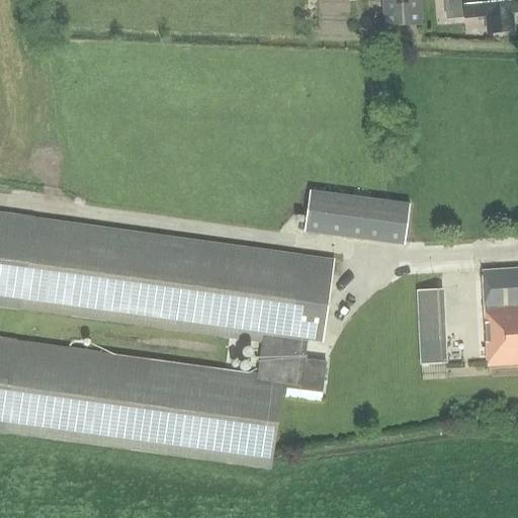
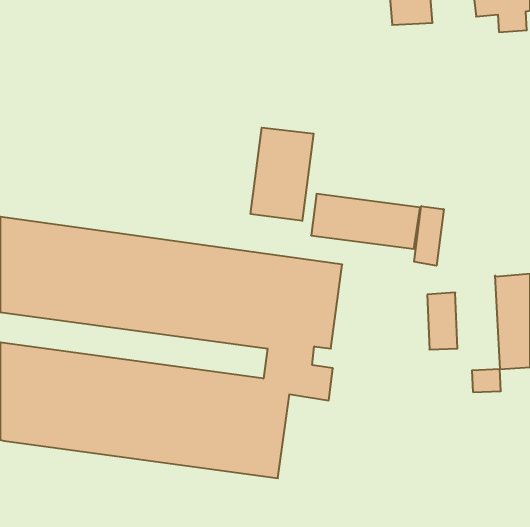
building: none -> [251,128,314,221]
building: none -> [414,206,444,266]
building: [419,340,447,362] -> [472,369,501,392]

